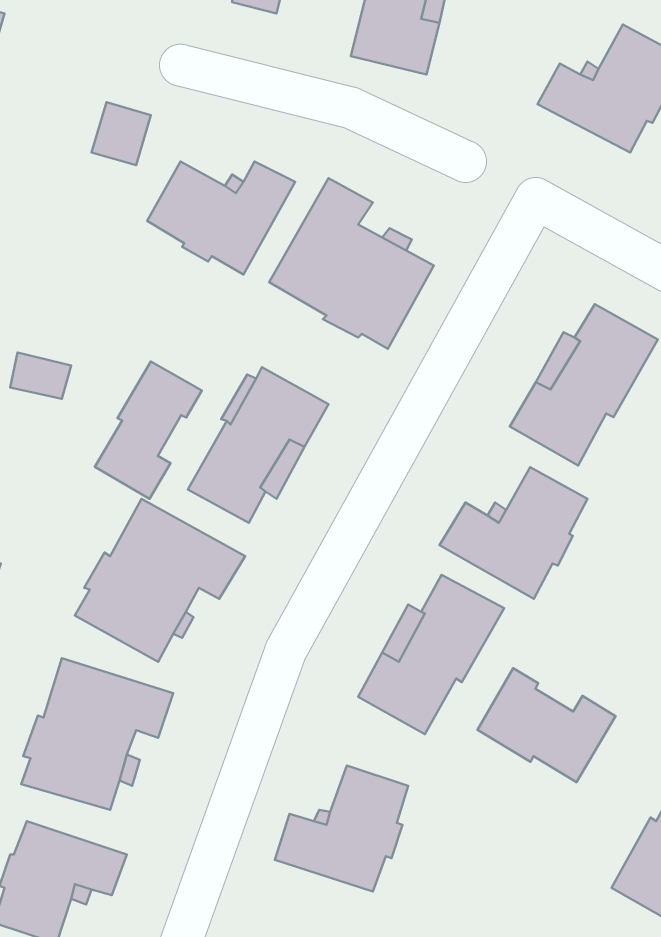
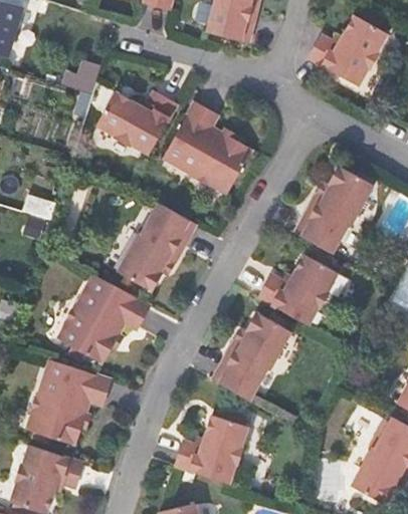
building: [95,361,202,499] -> none
building: [478,668,615,782] -> none

